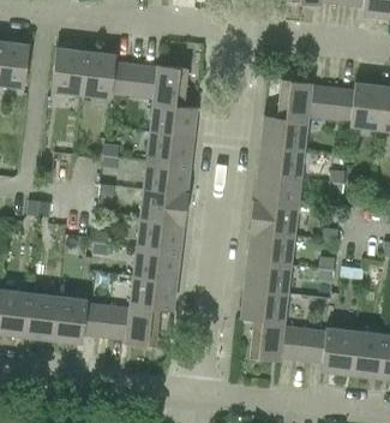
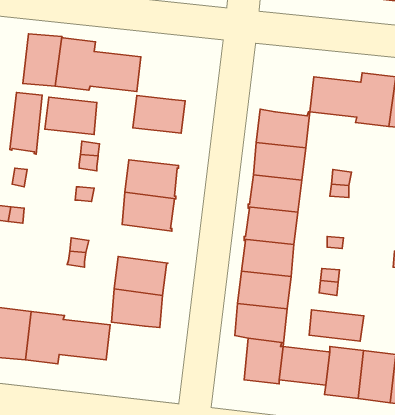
building: [154,64,188,106] -> none
building: [277,79,312,120] -> none
building: none -> [10,93,42,154]
building: [146,131,193,165] -> [45,97,97,135]
building: [137,218,185,252] -> none
building: none -> [309,310,364,341]
building: [126,305,161,346] -> none

